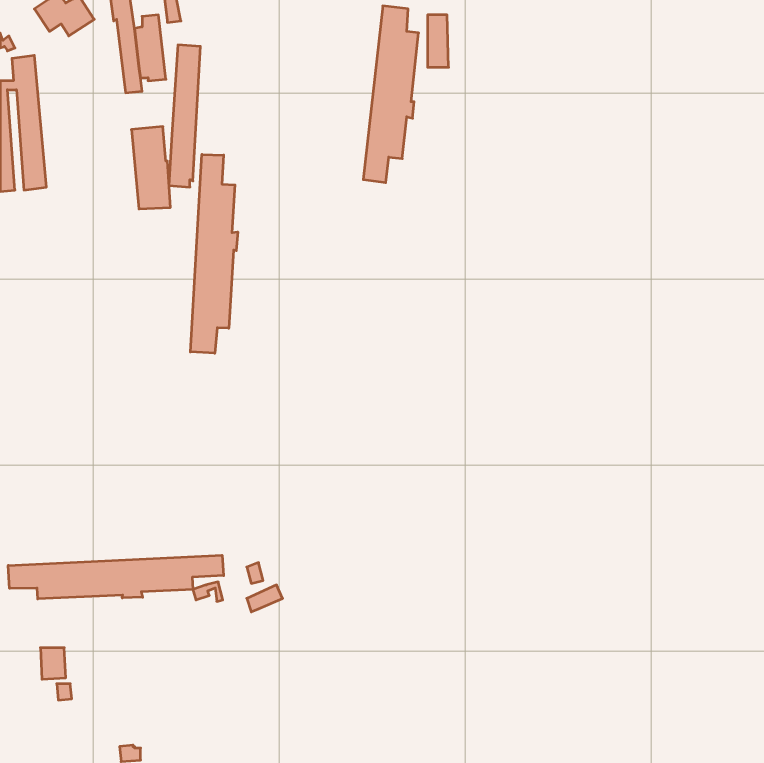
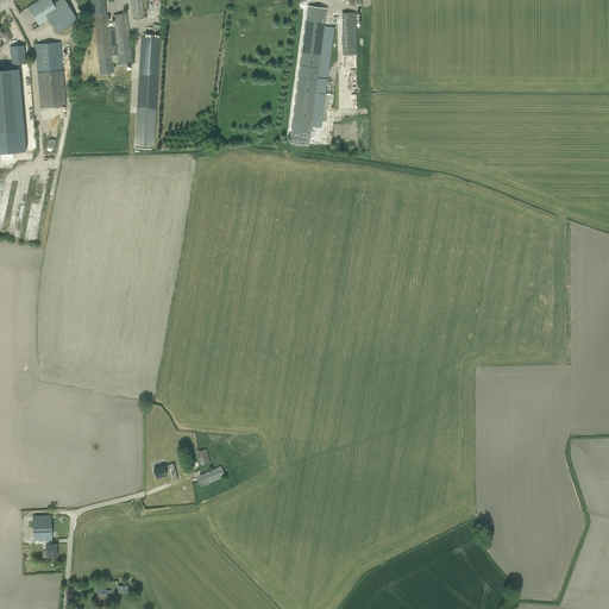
building: [131,127,170,209] -> [34,42,65,107]
building: [190,154,238,353] -> none
building: [8,555,224,599] -> none

